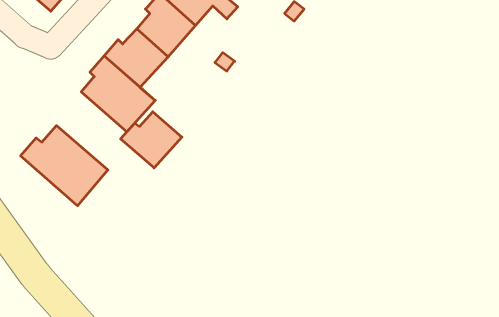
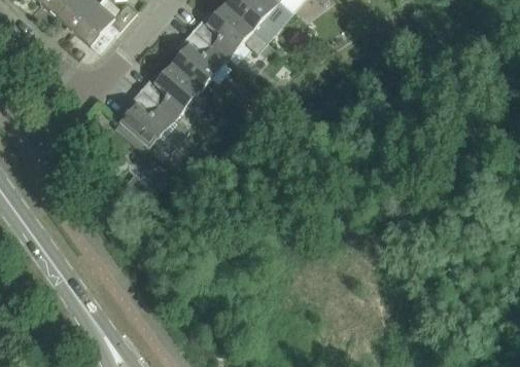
building: [121,112,182,168] -> none
building: [21,126,108,206] -> none

